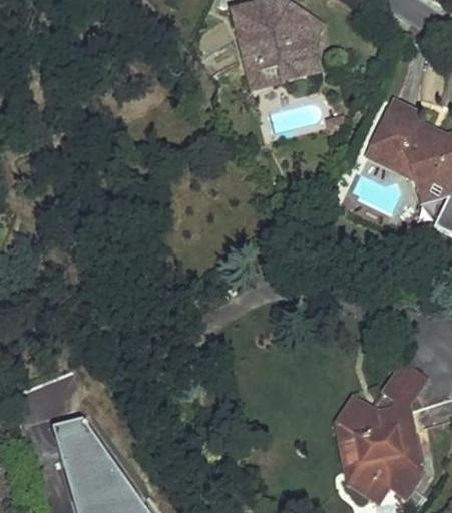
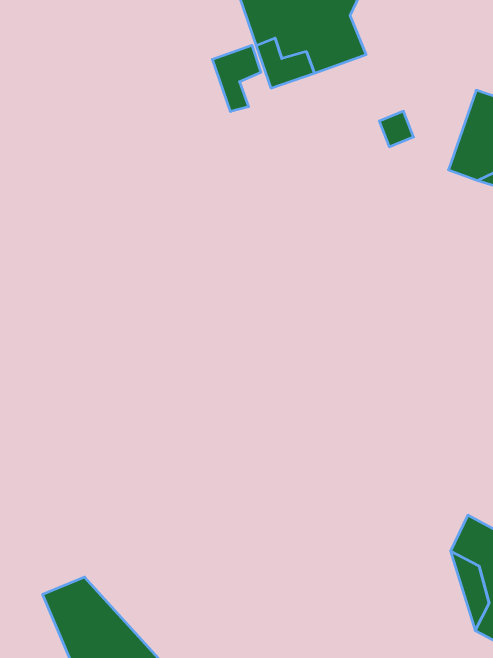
building: none -> [212,45,261,112]

